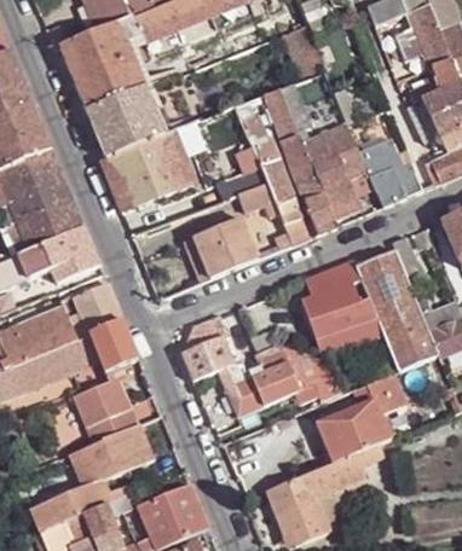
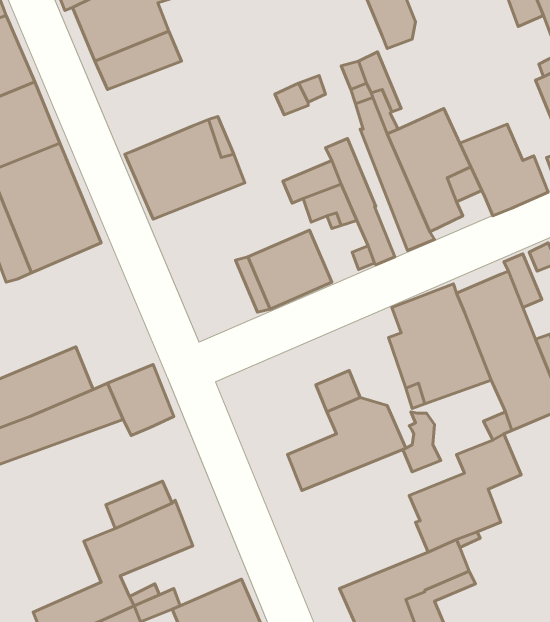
building: [87,87,152,156] -> none
building: [18,226,99,283] -> none
building: [74,282,122,334] -> none
building: [180,314,235,382] -> none
building: [73,367,129,427] -> none

